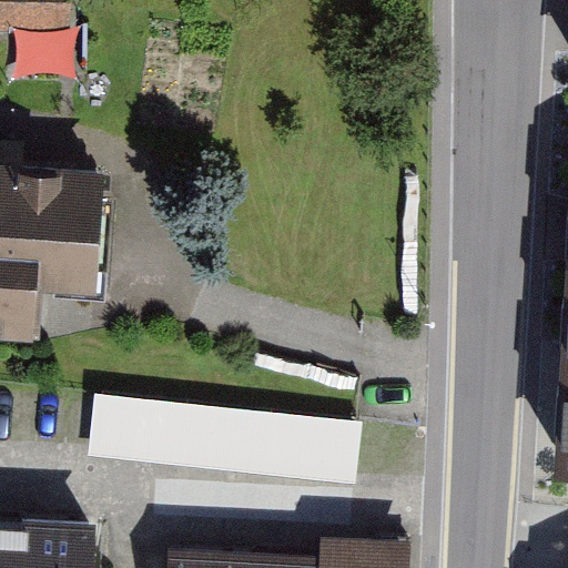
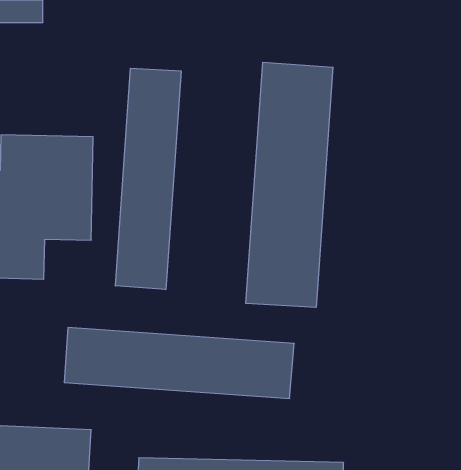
building: none -> [246,62,333,307]
building: none -> [115,68,181,290]

